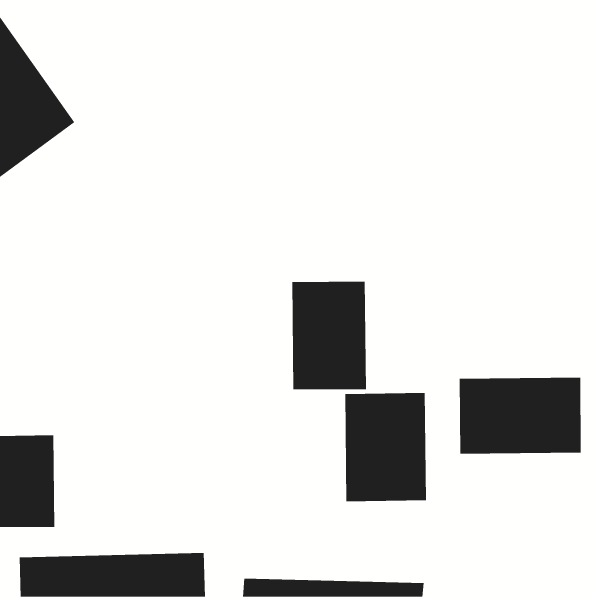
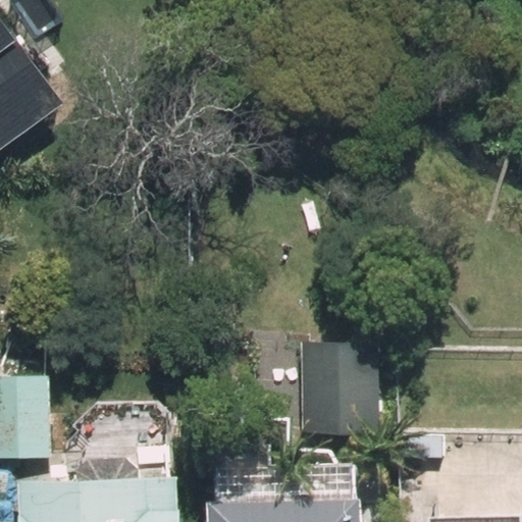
building: [292,281,366,390] -> none
building: [459,377,581,454] -> none

